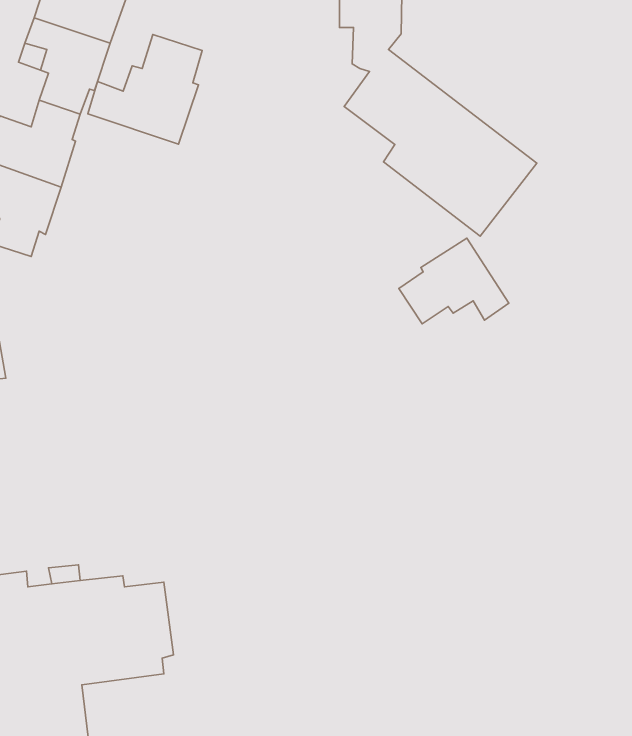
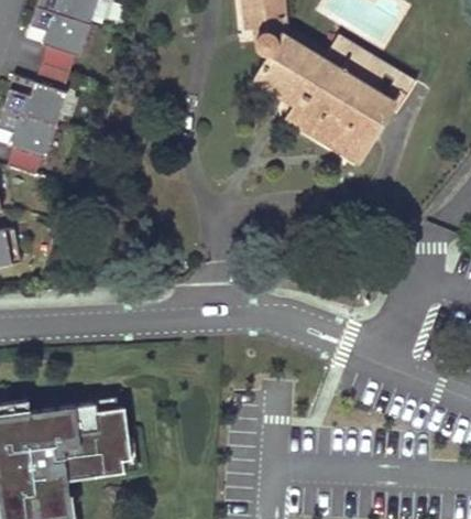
building: none -> [280,26,410,120]
building: [88,35,202,144] -> none
building: [399,238,509,324] -> none

